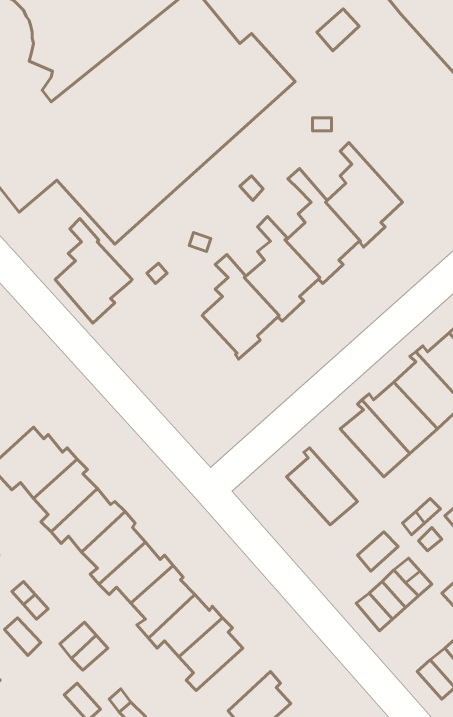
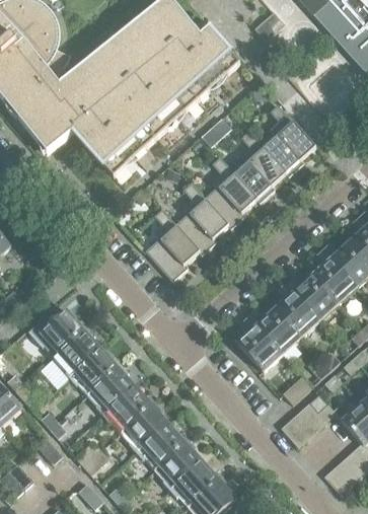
building: [55,219,132,323] -> [145,210,199,283]
building: none -> [249,305,301,356]
building: none -> [170,458,222,502]

